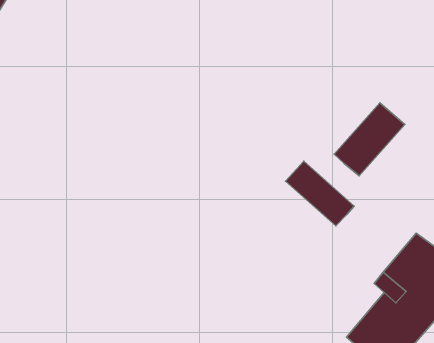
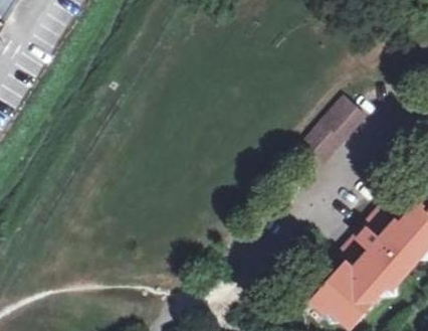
building: [286,161,354,226] -> none

